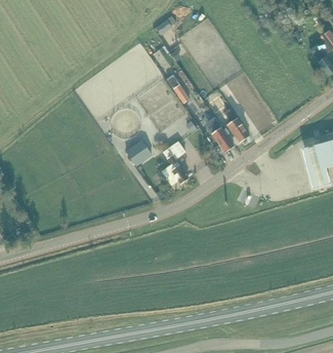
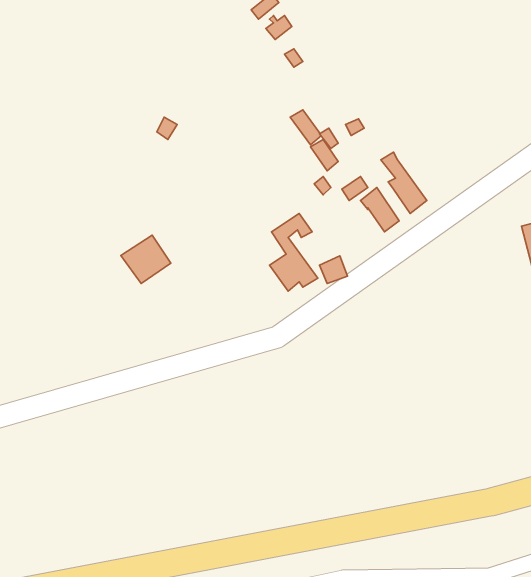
building: [125,140,153,166] -> [121,235,171,283]

